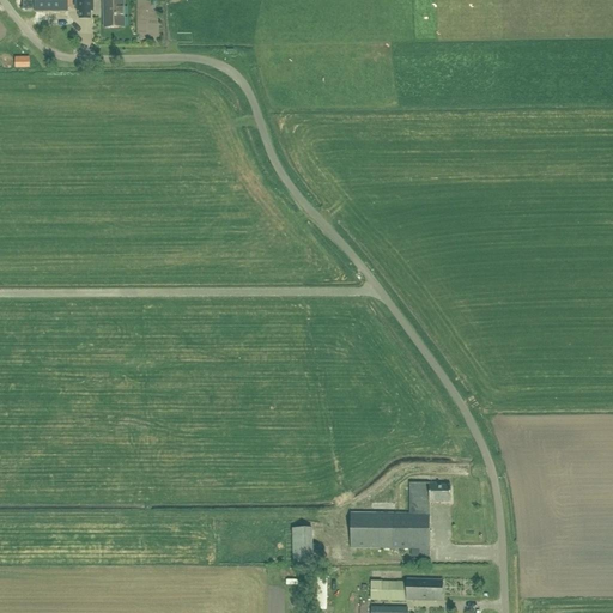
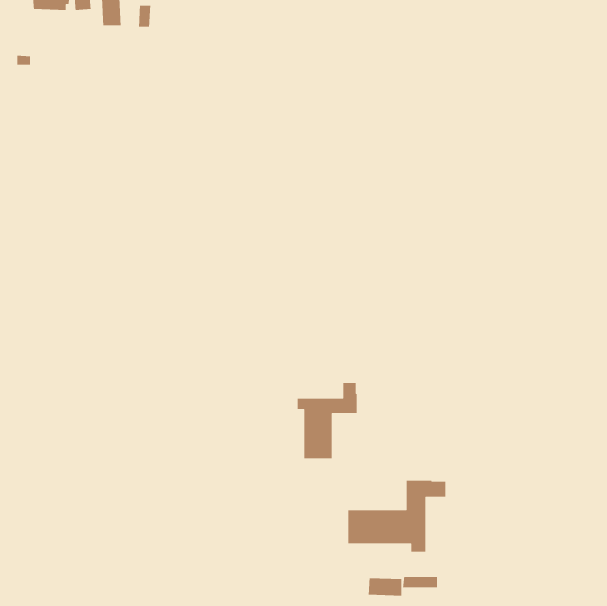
building: none -> [297,382,358,459]
building: [290,527,318,562] -> none

